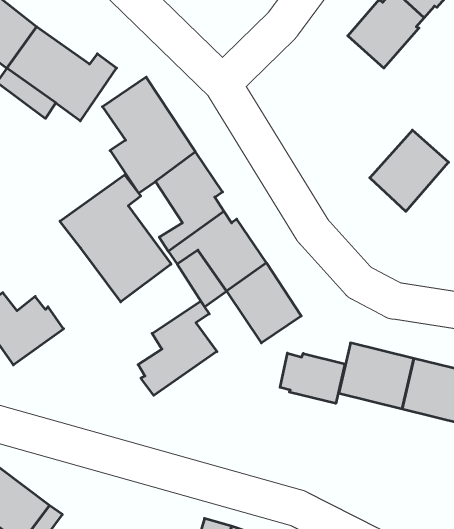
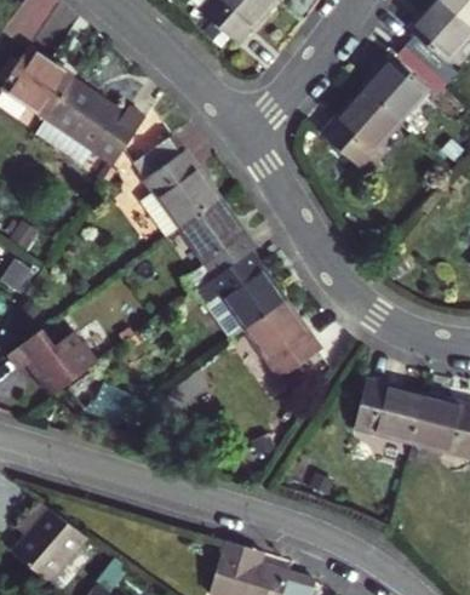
building: [370,130,449,211] -> [325,90,399,166]
building: [60,175,171,302] -> none
building: [138,301,217,395] -> none
building: [280,353,345,403] -> none

